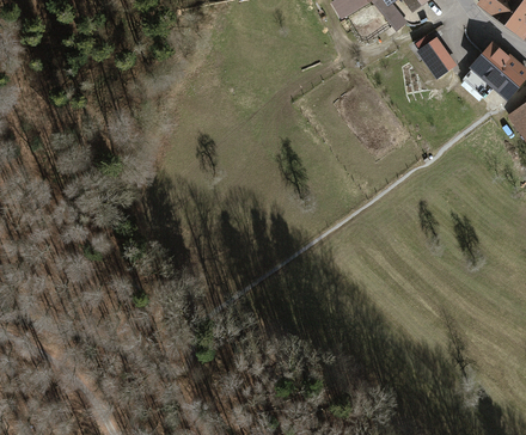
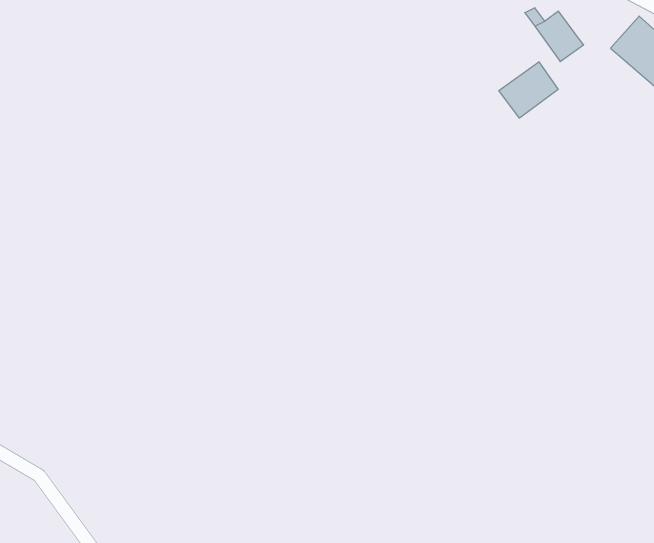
building: none -> [499,62,558,118]

